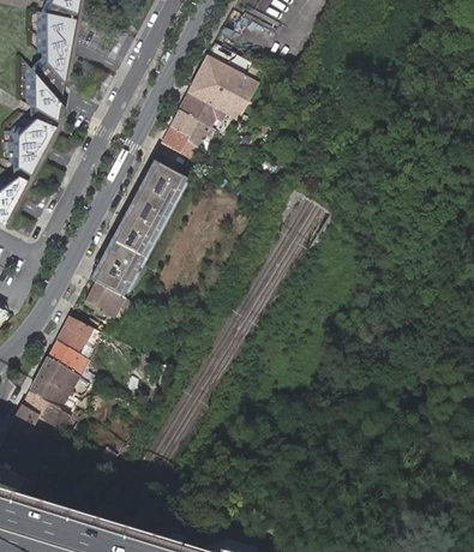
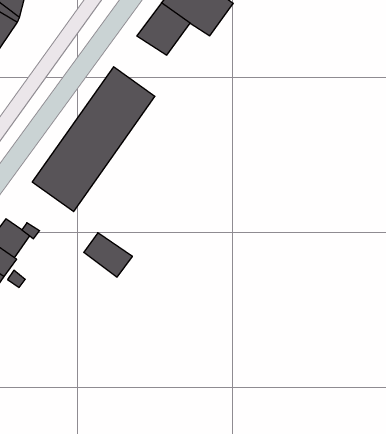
building: [163,122,203,154] -> none
building: [84,278,131,318] -> [84,233,132,277]

